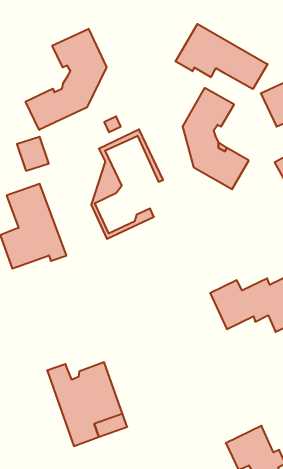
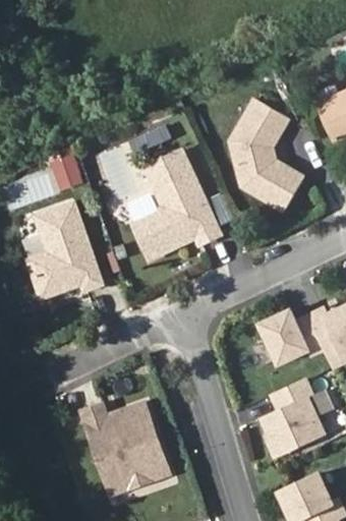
building: [176,24,268,89] -> none
building: [26,29,106,130] -> none
building: none -> [134,152,220,259]
building: none -> [263,381,325,457]

